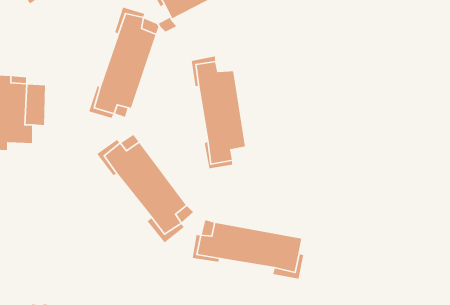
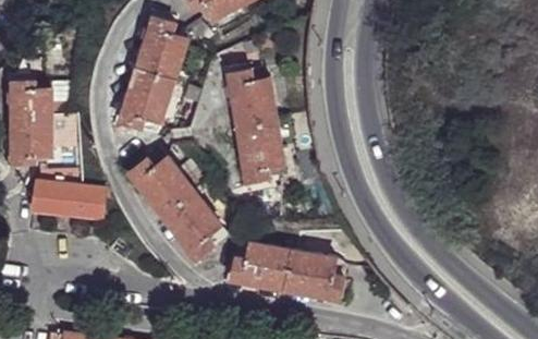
building: none -> [33,180,106,219]

